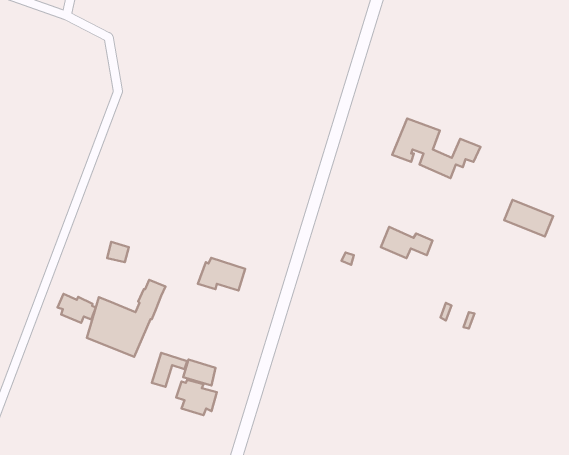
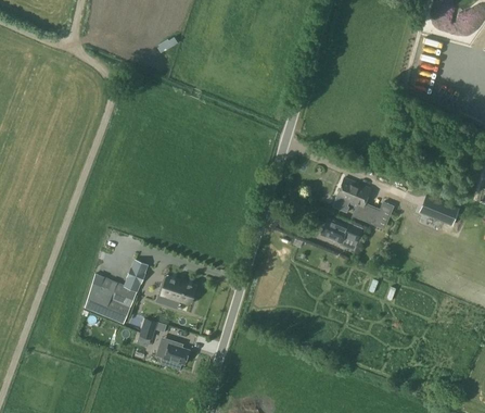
building: [392,118,480,178] -> [332,178,403,226]
building: [198,258,245,290] -> [156,278,194,304]
building: [57,294,96,323] -> none

